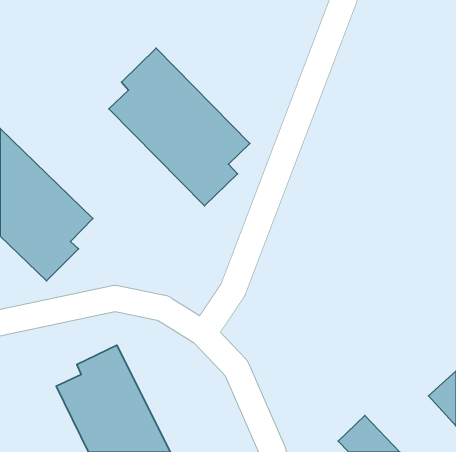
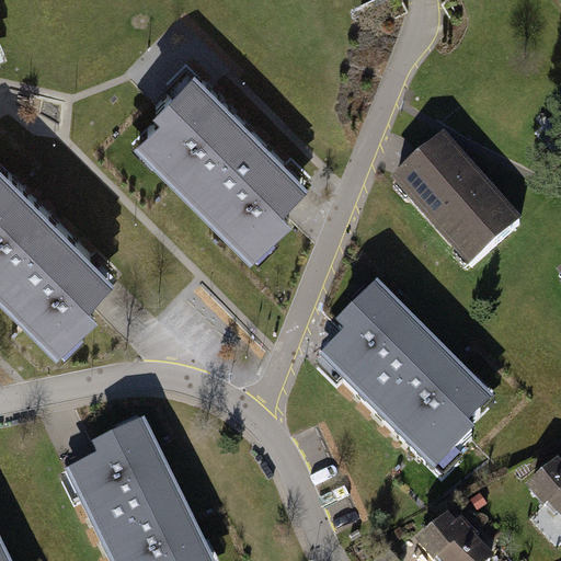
building: none -> [394,137,525,270]
building: none -> [321,284,494,474]

